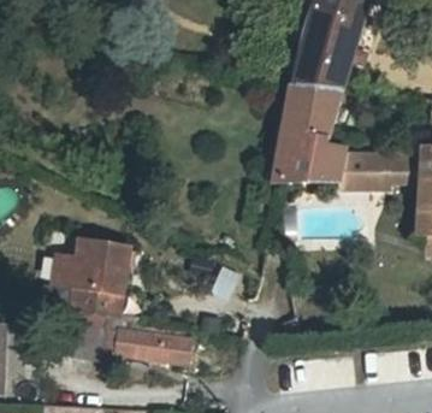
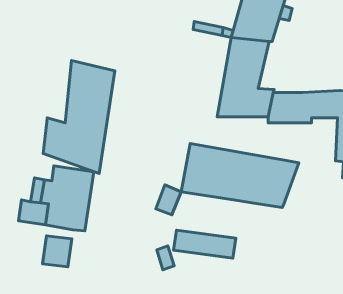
building: none -> [43,61,115,174]
building: none -> [181,144,299,207]
building: [114,329,189,362] -> [174,230,236,258]

